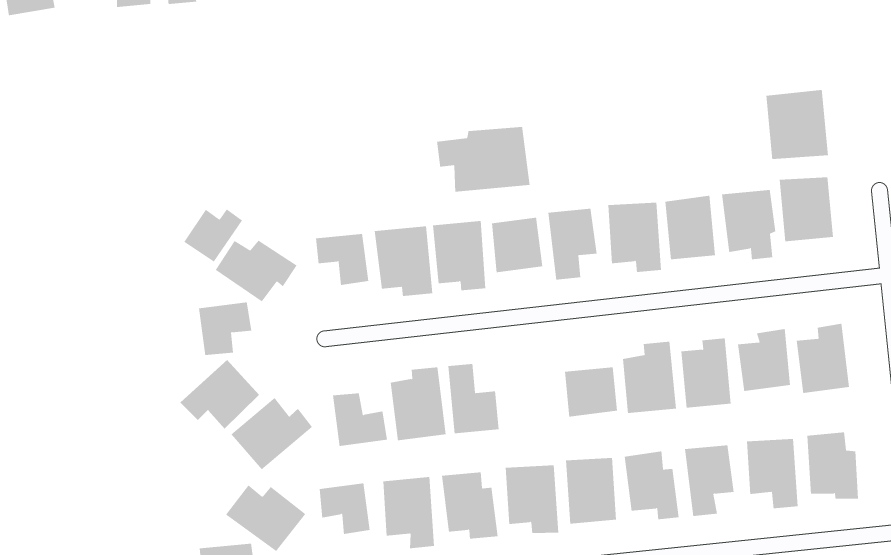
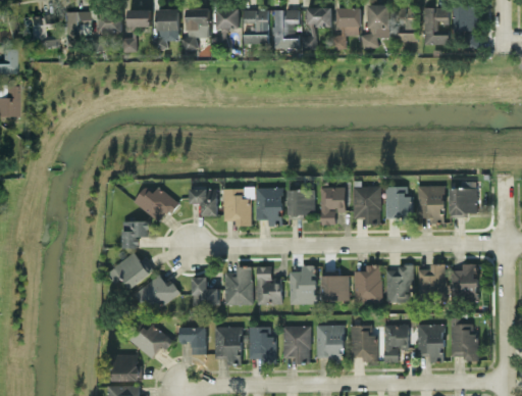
building: [766,89,829,160] -> none
building: [436,126,530,193] -> none
building: [184,209,243,262] -> none
building: none -> [290,265,316,304]

